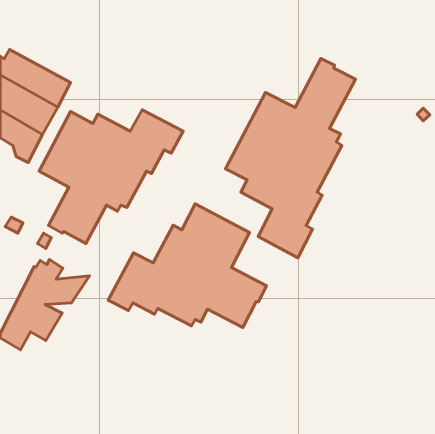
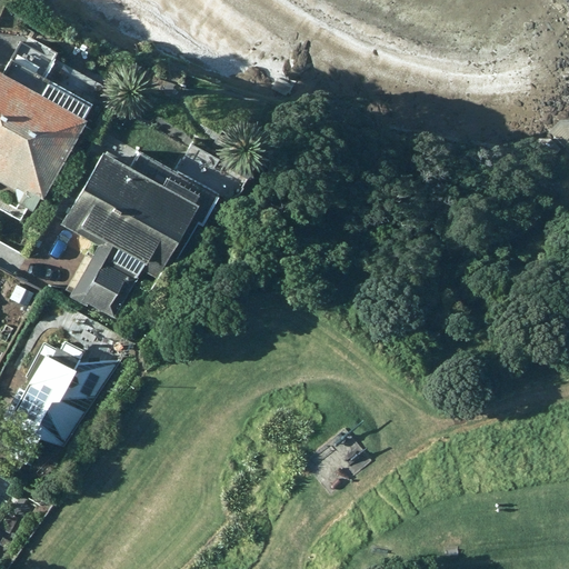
building: [225,59,355,258] -> none
building: [108,204,266,327] -> none

